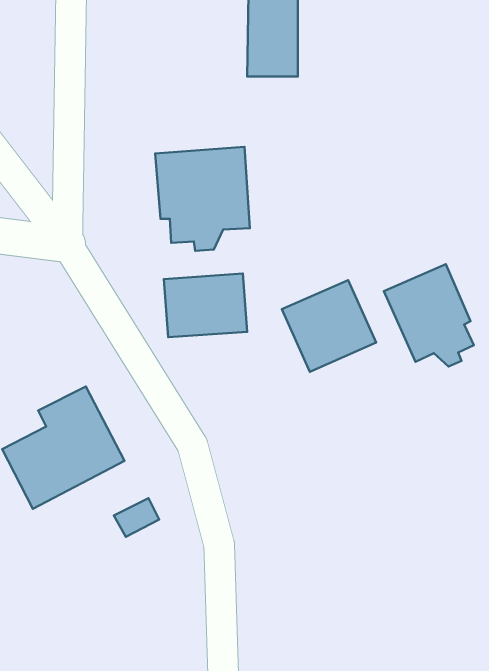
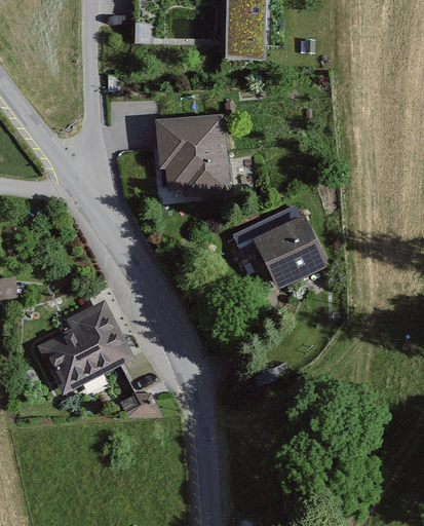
building: [384,264,474,366] -> none
building: [164,273,247,337] -> none

